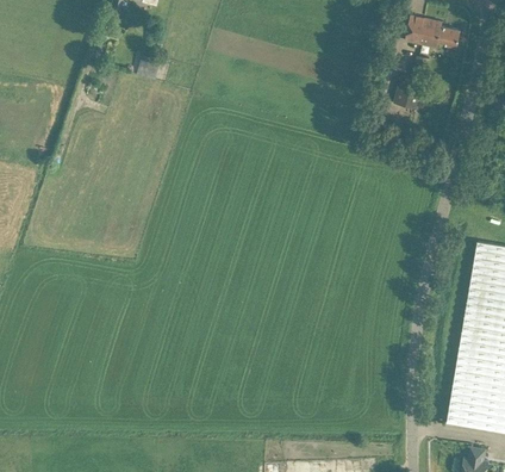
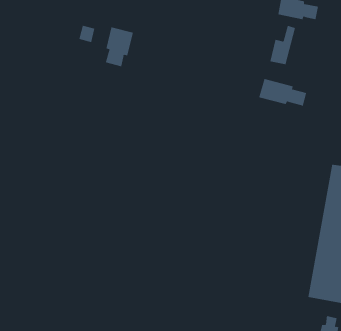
building: none -> [105,26,133,67]
building: none -> [259,78,307,107]

